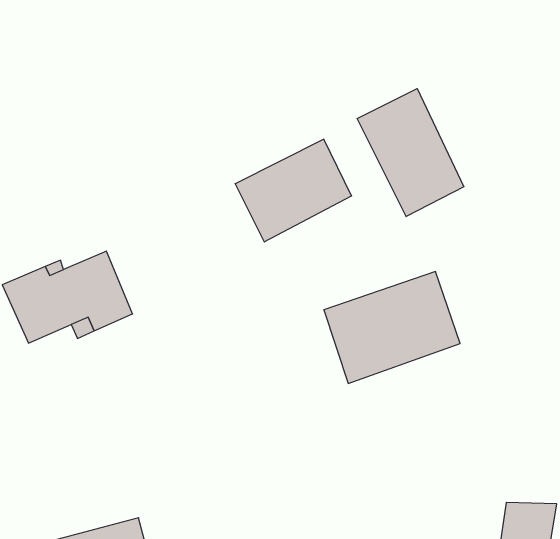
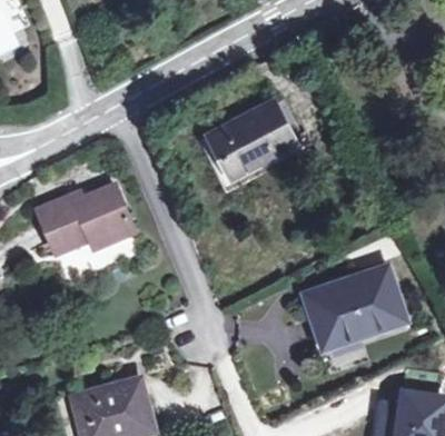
building: [357,89,464,217] -> none
building: [324,272,460,383] -> [305,267,404,348]

